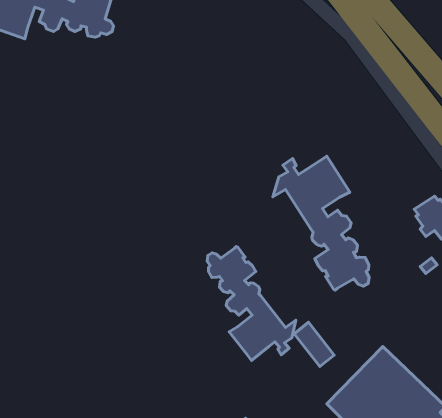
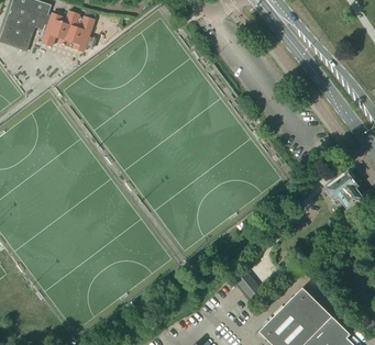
building: [273,156,369,290] -> none
building: [207,246,296,360] -> none

